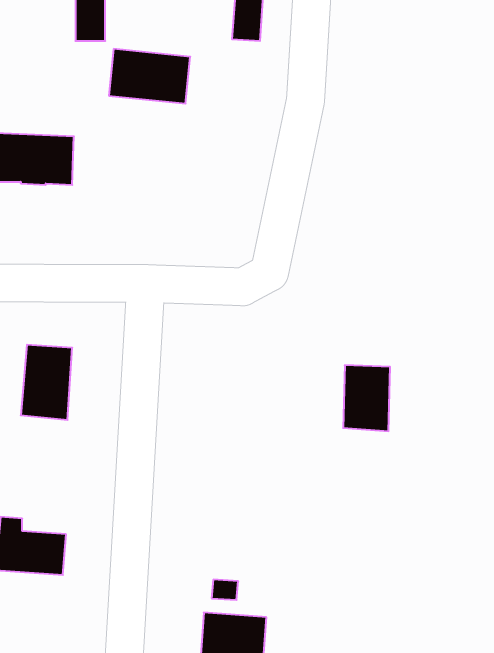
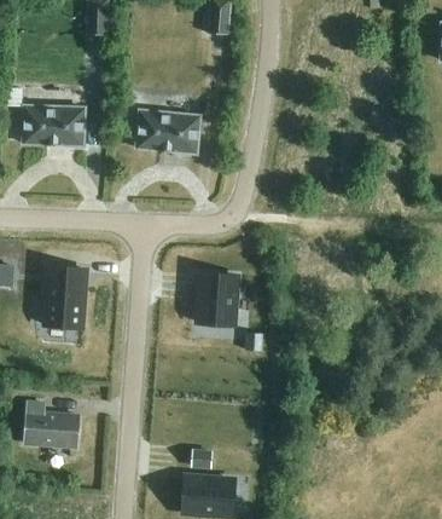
building: [109,49,190,104] -> [138,110,200,152]
building: [343,365,390,431] -> [197,277,233,328]

